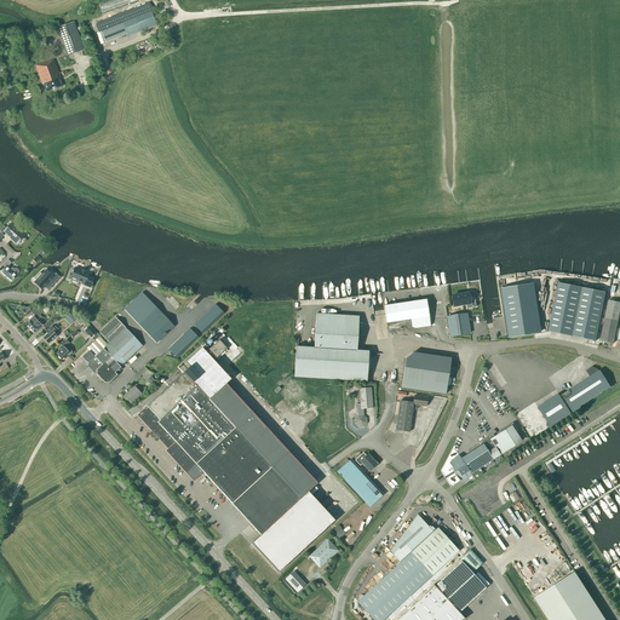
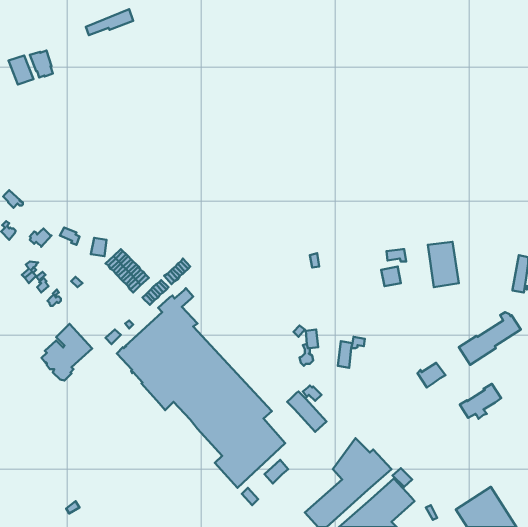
building: [54,21,84,54] -> [9,55,33,84]
building: [549,282,605,340] -> none
building: [384,299,430,328] -> none
building: [294,312,368,380] -> none
building: [82,316,142,383] -> [42,324,92,381]
building: [401,351,450,394] -> none
building: [452,437,500,478] -> [460,384,501,419]

